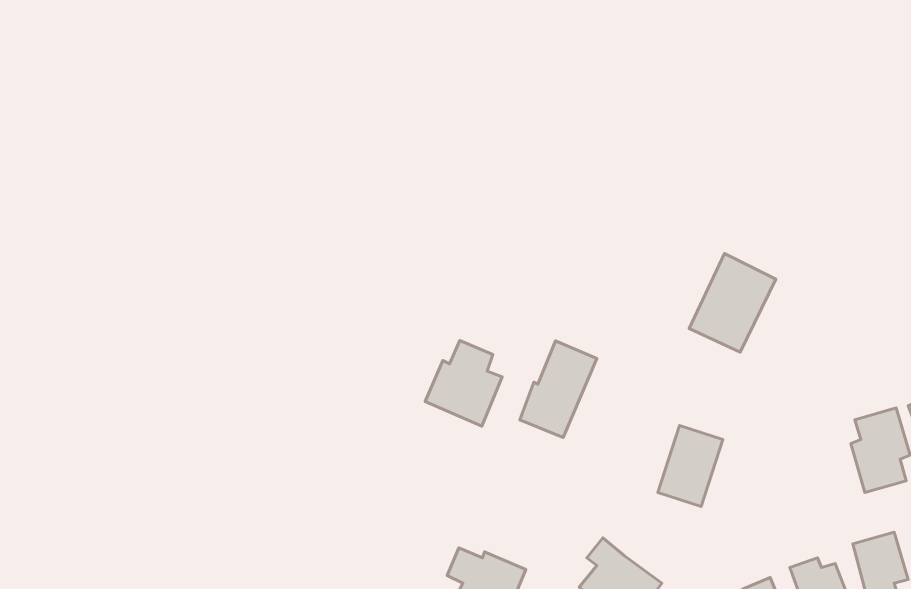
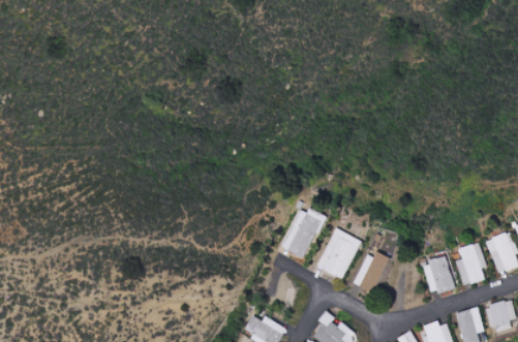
building: [689,253,776,352] -> [316,227,362,279]
building: [425,340,502,426] -> none
building: none -> [423,257,454,294]

